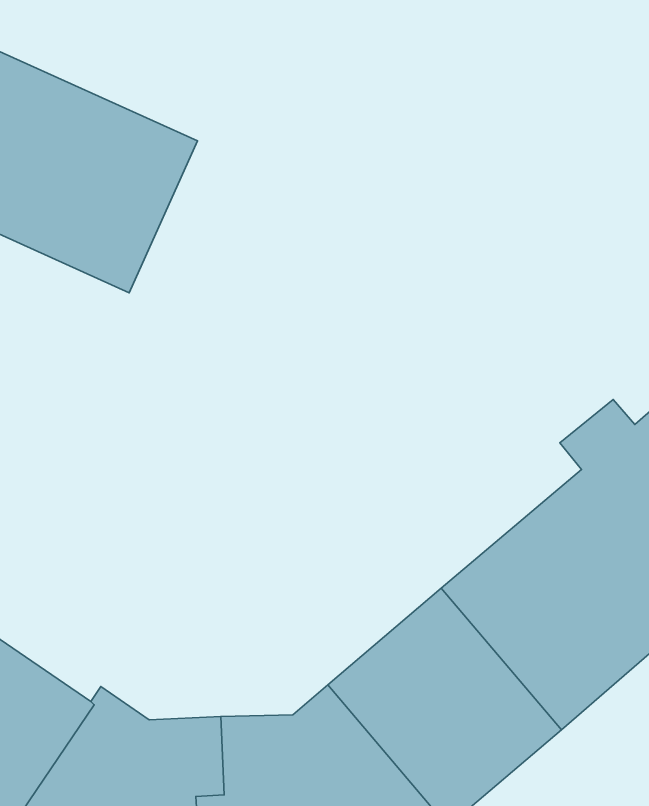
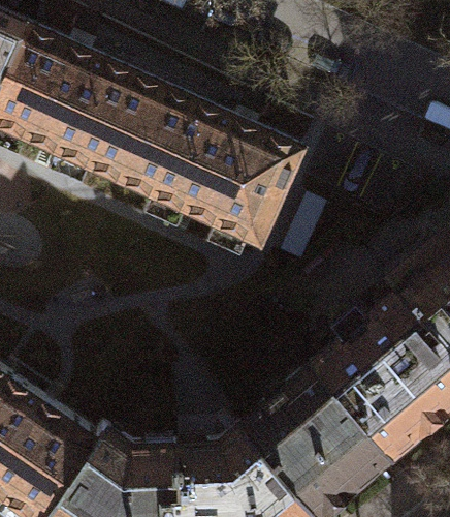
building: none -> [125,92,307,248]

